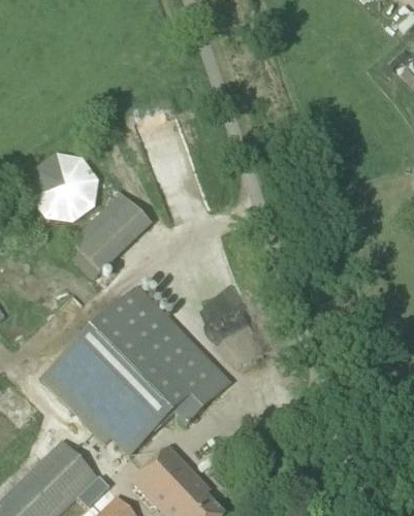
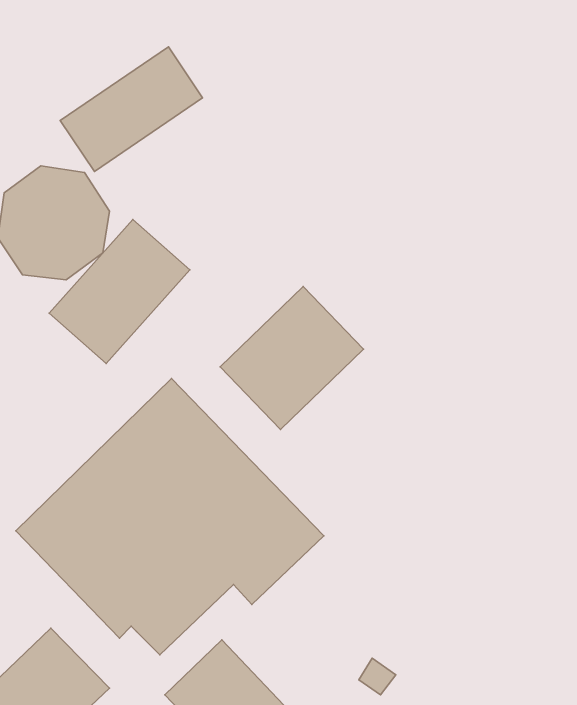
building: none -> [60,47,203,172]
building: none -> [220,286,363,429]

